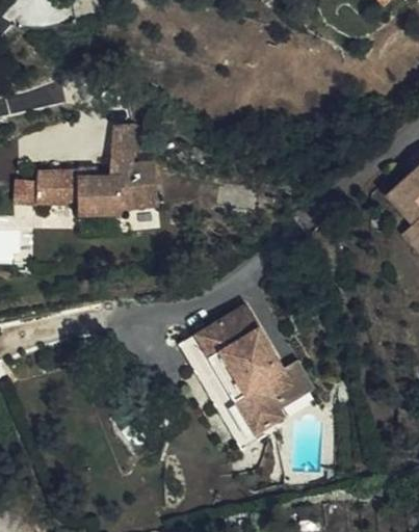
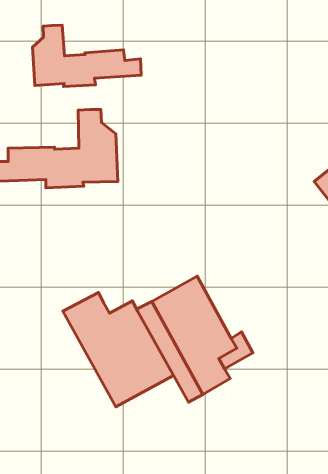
building: none -> [33,25,141,86]
building: none -> [63,292,174,407]

